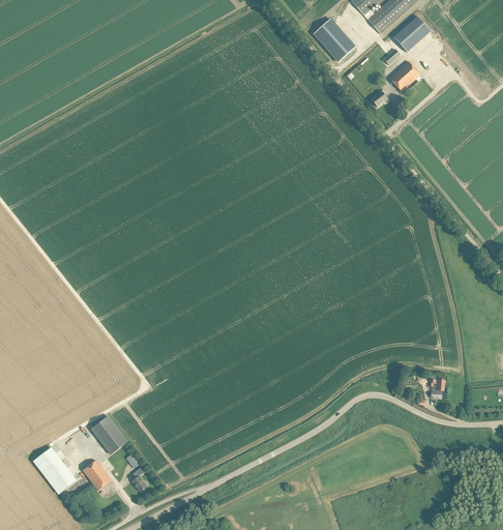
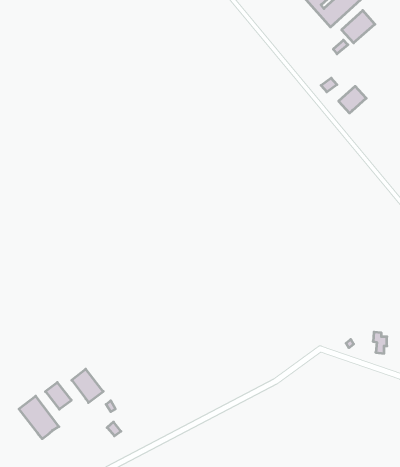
building: [313,19,354,61] -> none
building: [388,61,419,91] -> [339,86,366,113]
building: [82,460,111,490] -> [45,382,71,409]

